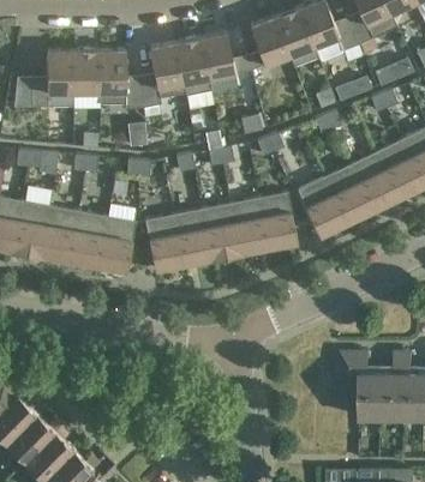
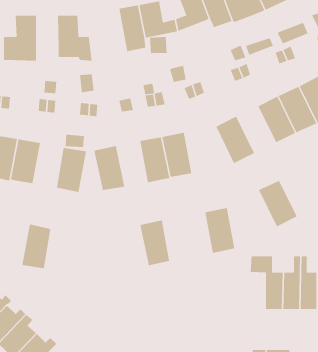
building: [138,42,184,108] -> none
building: [72,50,98,92] -> none
building: [322,164,371,223] -> [258,180,298,227]
building: [257,191,295,248] -> [204,207,235,253]
building: [172,207,210,265] -> [139,220,170,266]
building: [67,210,104,266] -> [21,224,51,269]

